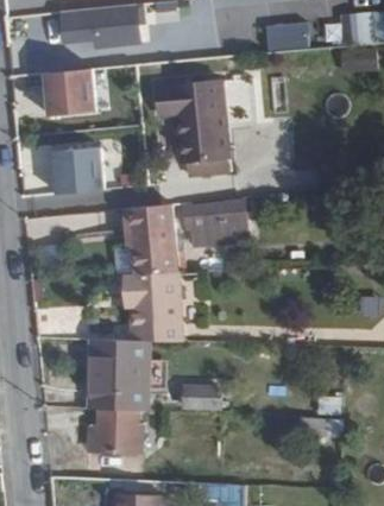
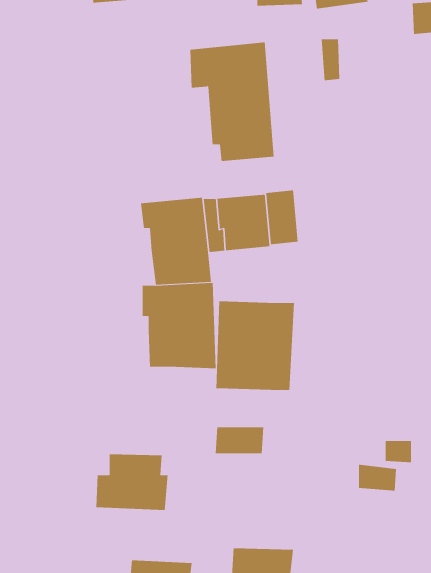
building: [33,68,90,118] -> none
building: [23,145,97,198] -> none
building: [88,336,151,407] -> [216,301,295,390]

